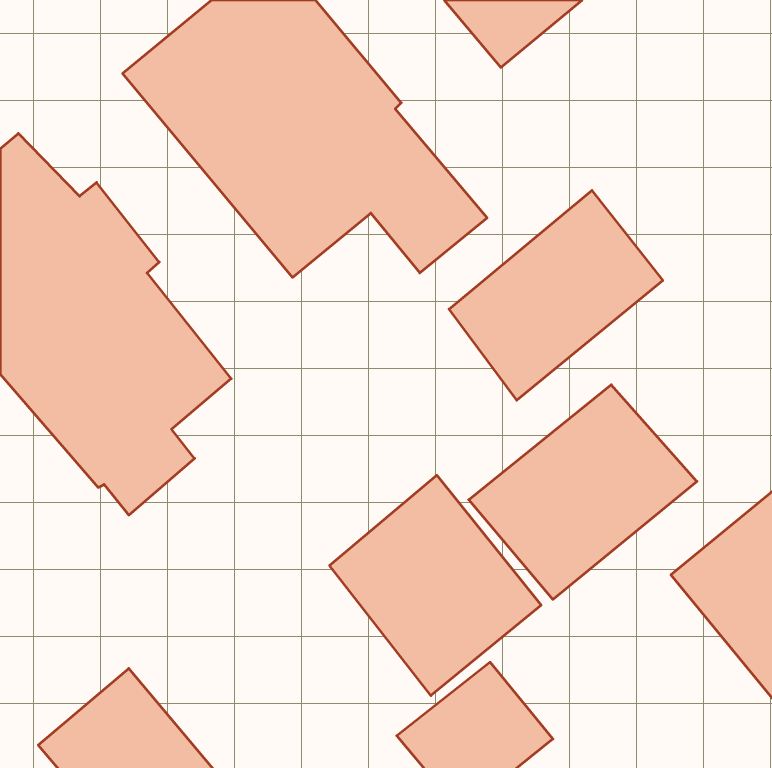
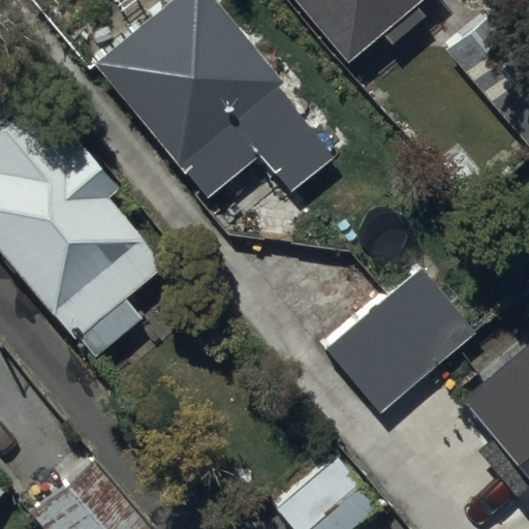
building: [449,190,663,400] -> none
building: [330,475,541,696] -> none

